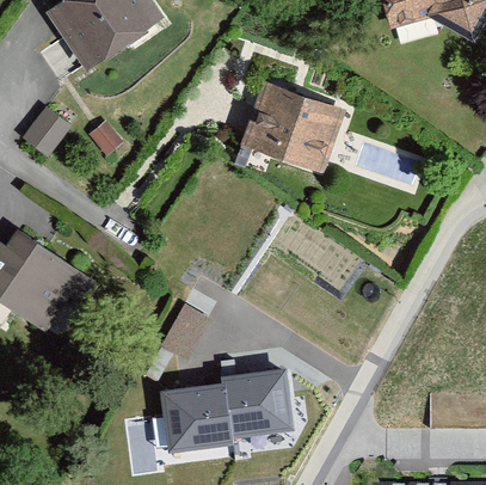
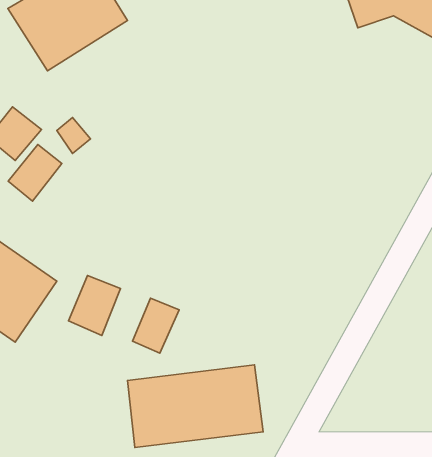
building: [238,81,344,180] -> none
building: none -> [8,145,62,201]
building: none -> [68,275,120,335]

